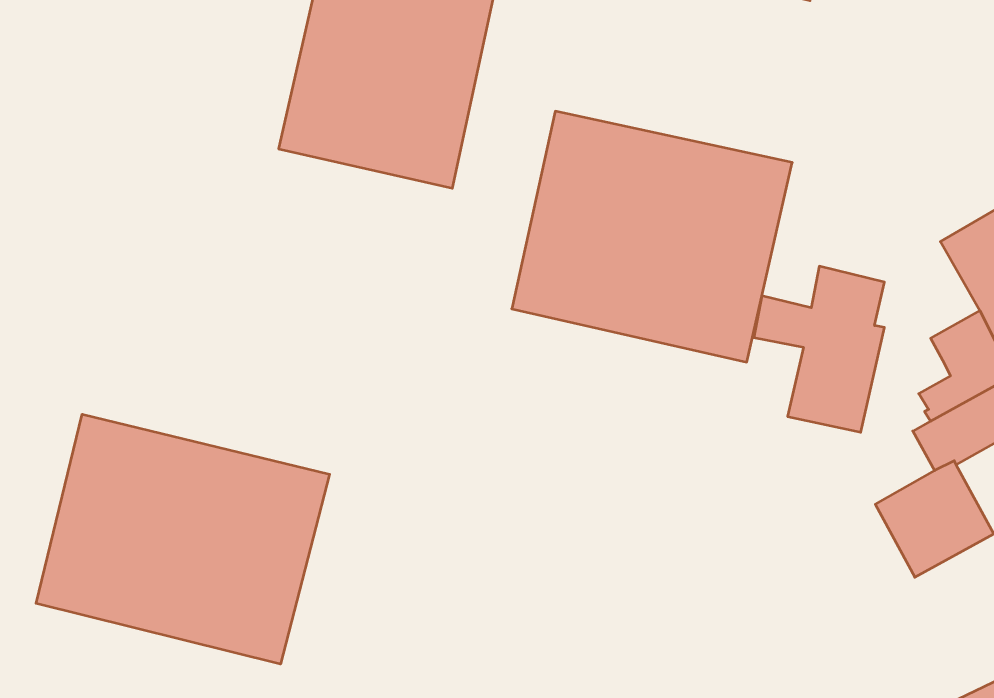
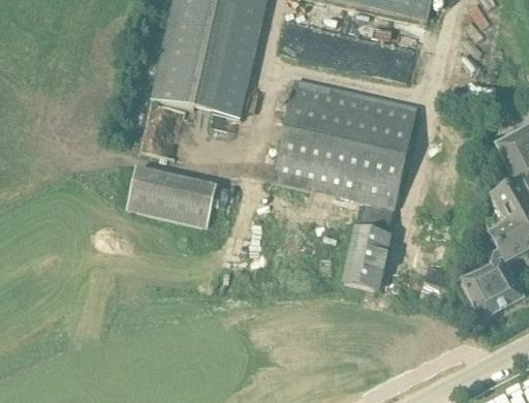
building: [754,266,884,432] -> [324,203,393,289]
building: none -> [130,163,221,227]
building: [36,414,330,664] -> none

